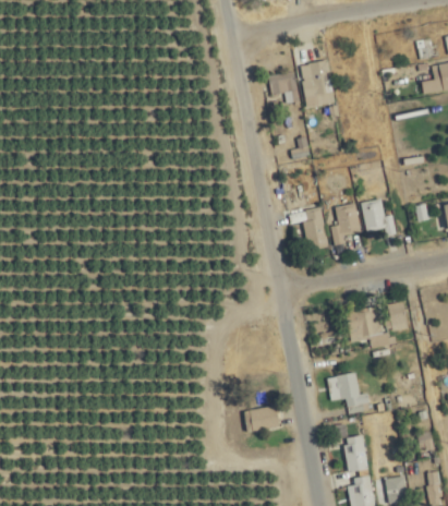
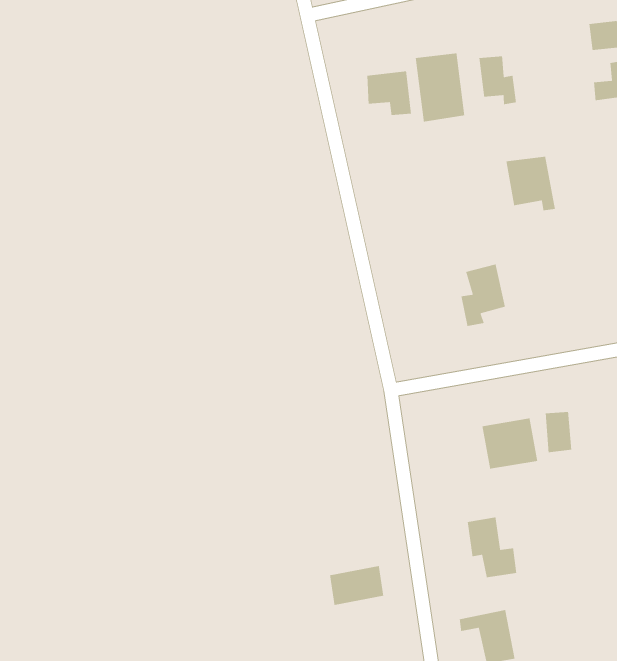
building: none -> [479,55,517,105]
building: [361,198,395,236] -> [505,156,556,211]
building: [301,207,328,251] -> none

